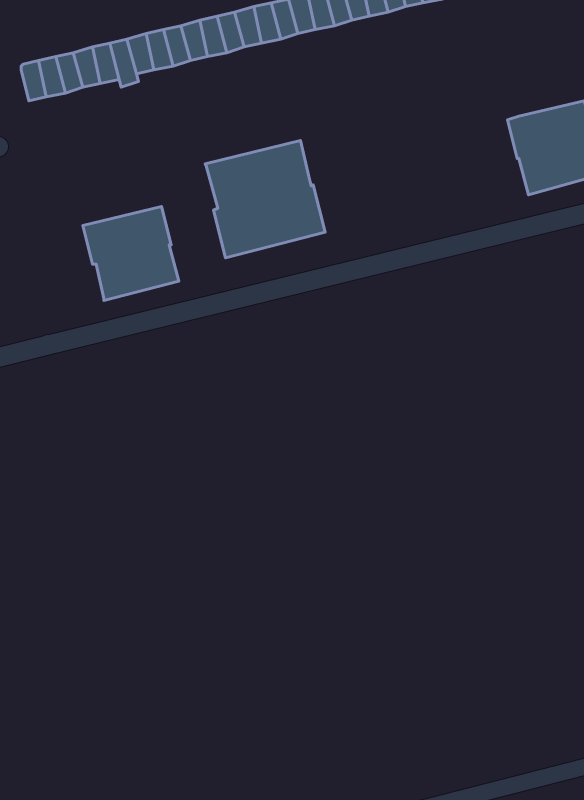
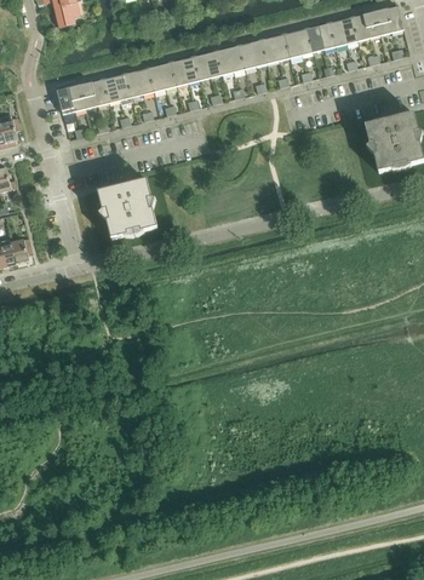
building: [205,141,325,258] -> none

